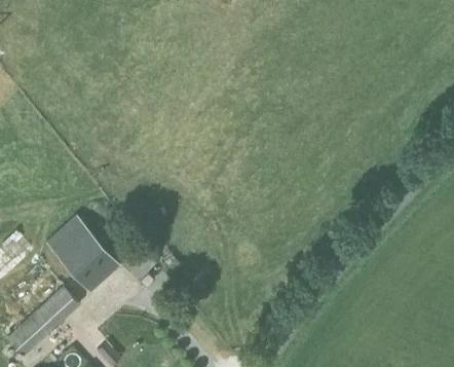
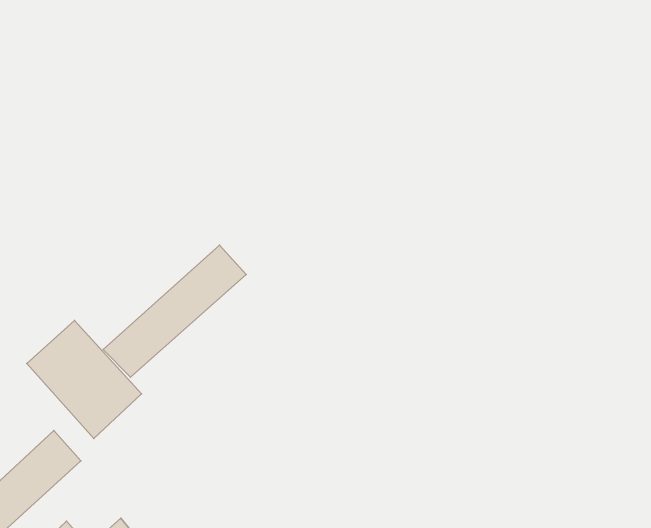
building: none -> [103,245,246,377]

